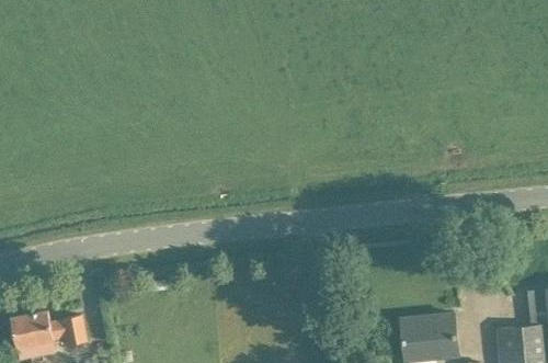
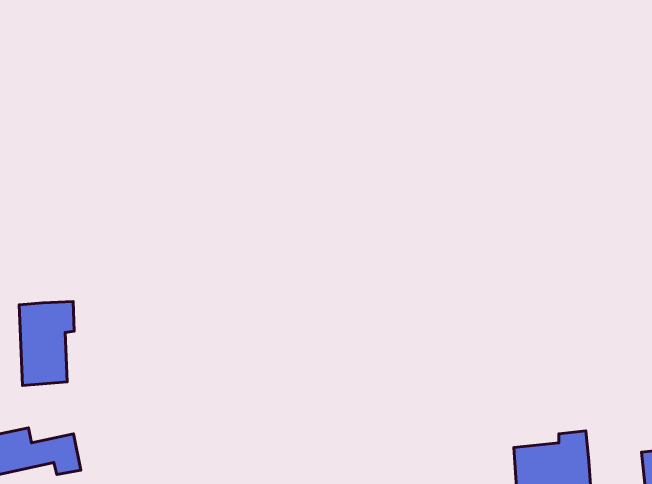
building: none -> [19,302,74,385]

